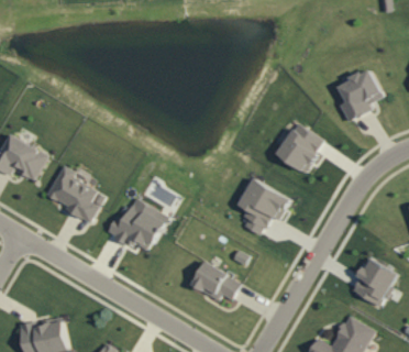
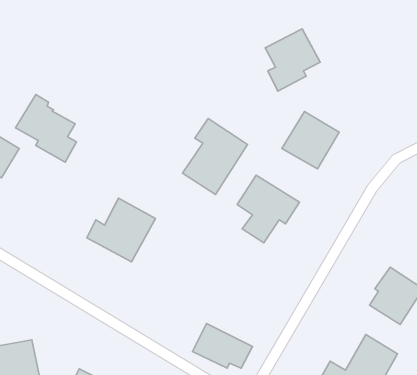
building: [336,67,384,121] -> [265,29,320,91]
building: none -> [183,119,248,195]
building: [46,164,99,222] -> [15,95,77,162]
building: [189,261,241,299] -> [193,324,253,368]

